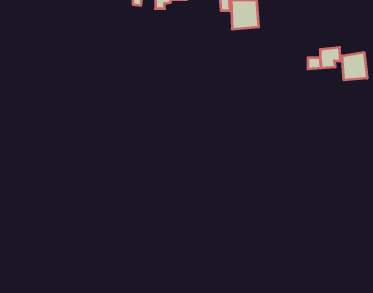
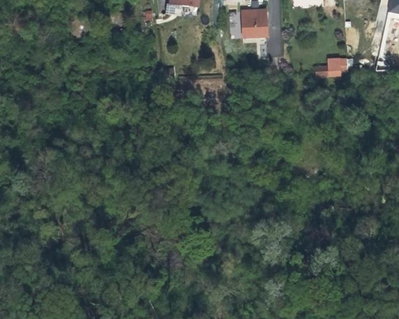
building: [342,52,367,80] -> none

